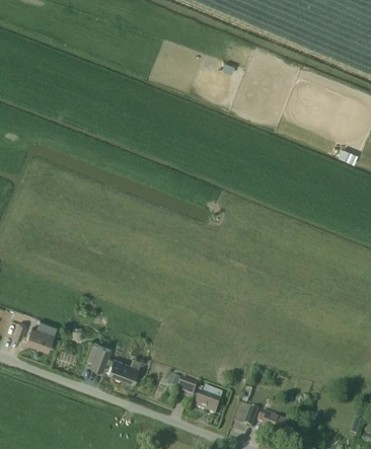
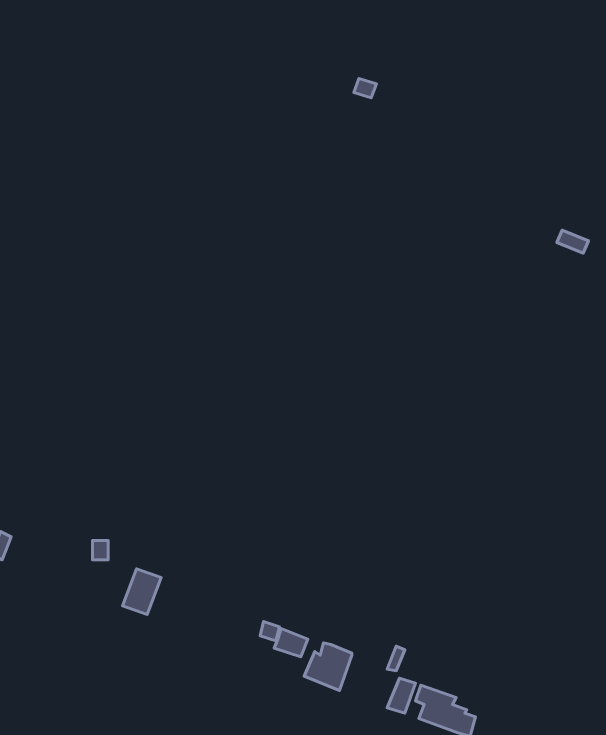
building: [25,327,53,351] -> none
building: [107,358,138,382] -> none

